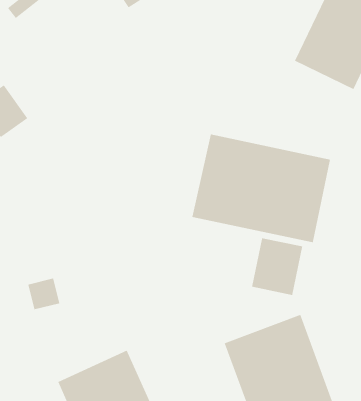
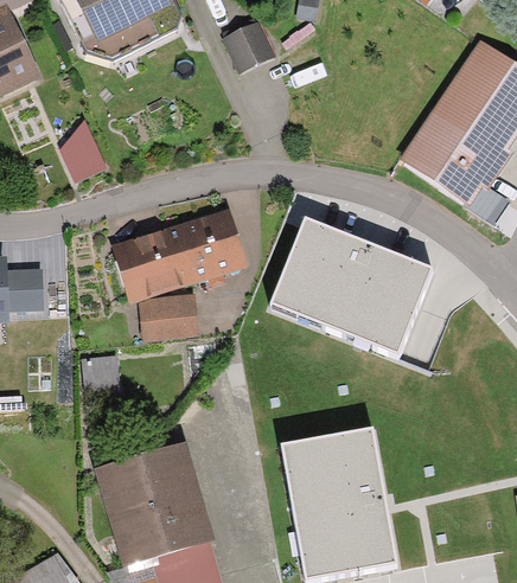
building: none -> [123,211,238,289]
building: none -> [143,290,190,333]
building: [251,237,303,296] -> none

